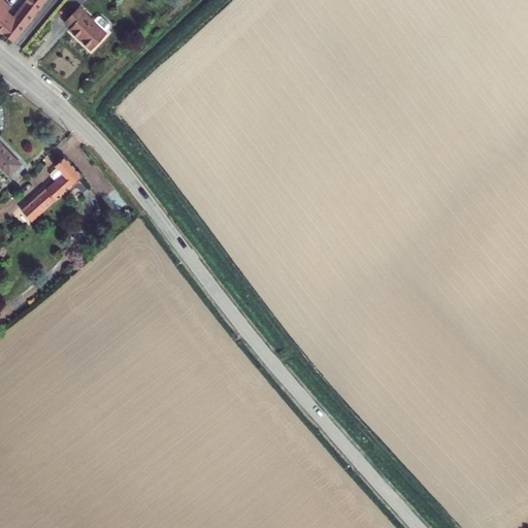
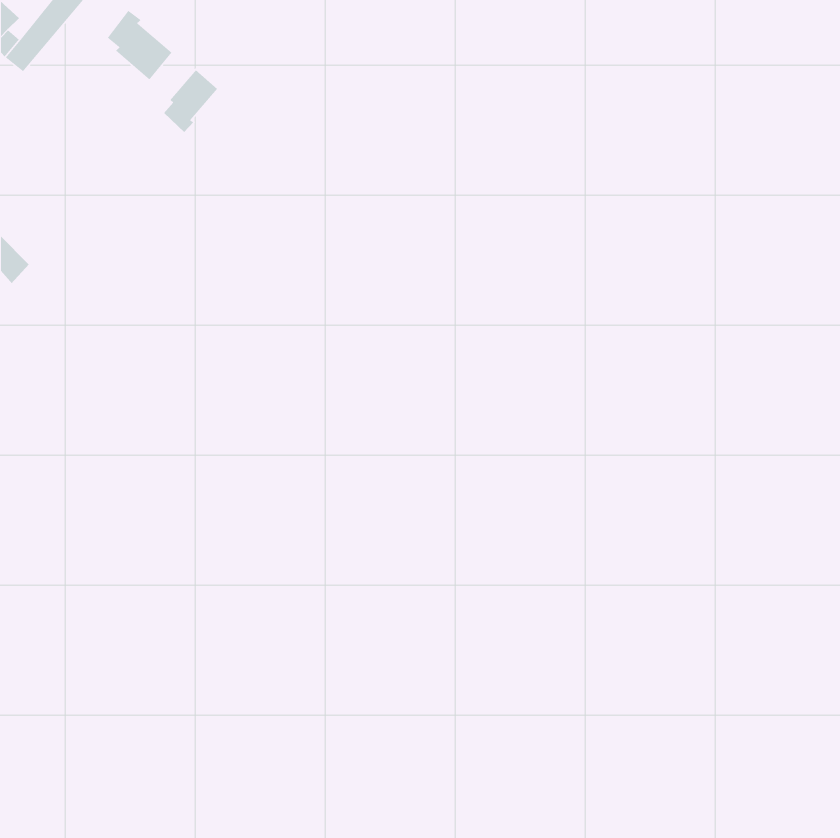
building: none -> [163,69,218,133]
building: [22,158,80,220] -> none

